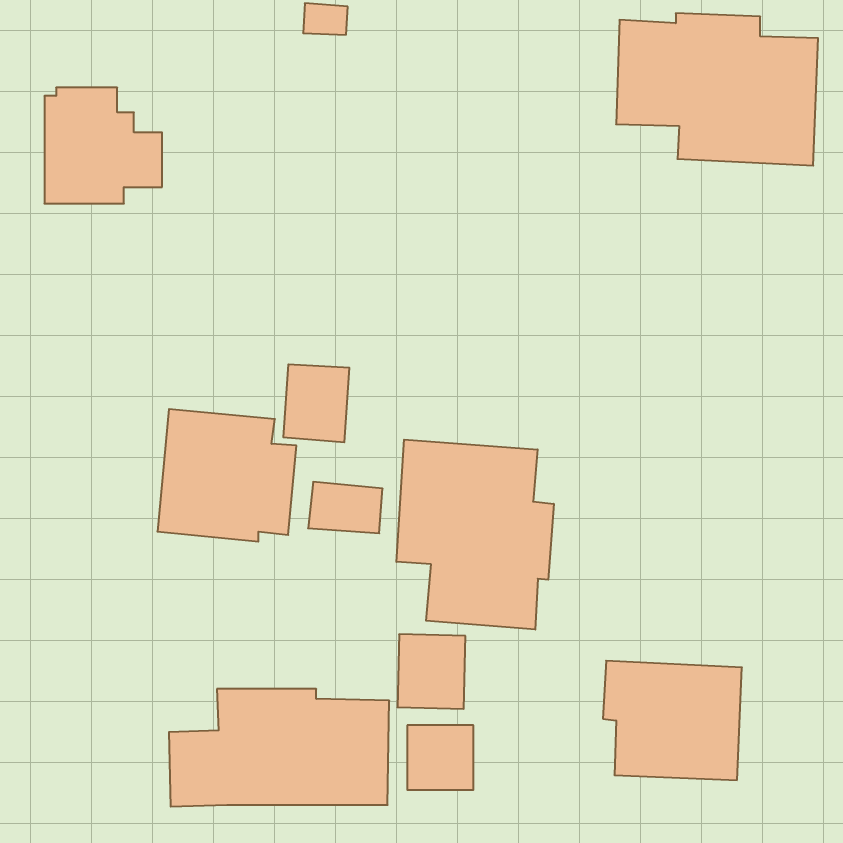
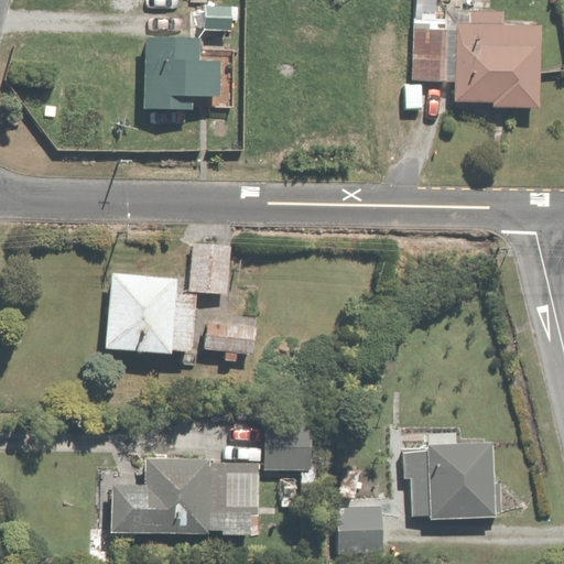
building: [44,88,162,204] -> [142,36,220,113]
building: [396,440,554,630] -> none
building: [407,725,473,790] -> [338,505,382,547]

